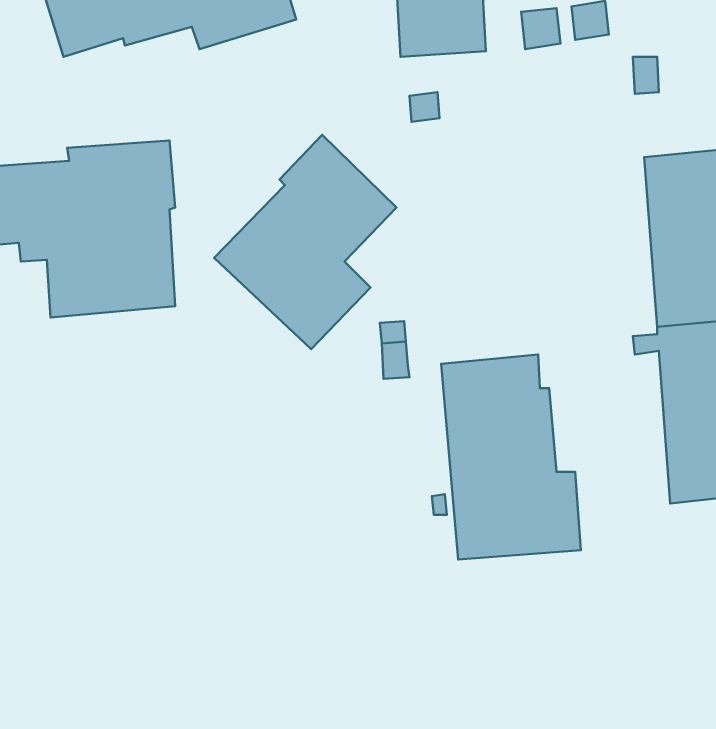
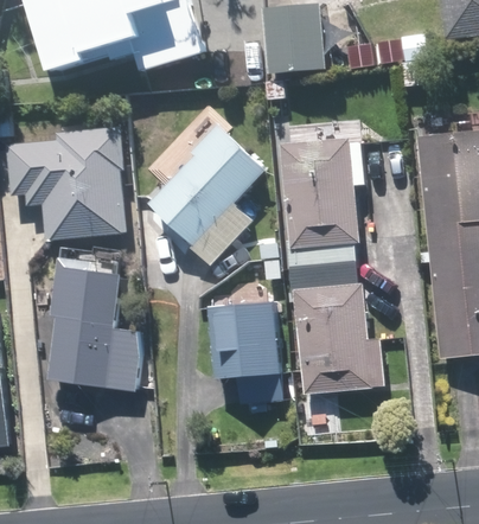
building: none -> [282,139,364,269]
building: none -> [49,258,139,389]
building: none -> [210,302,281,403]

